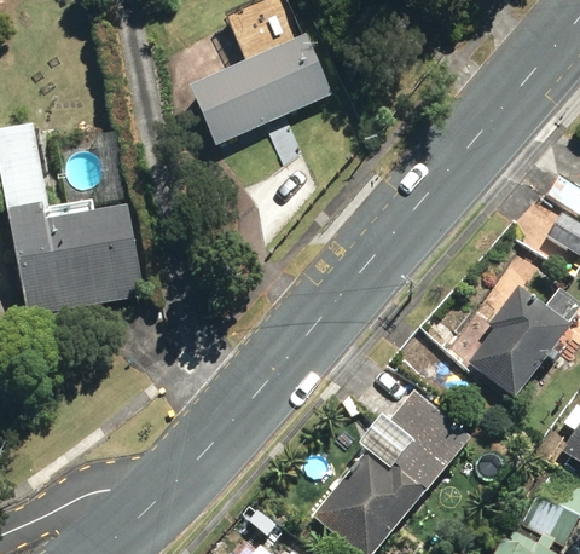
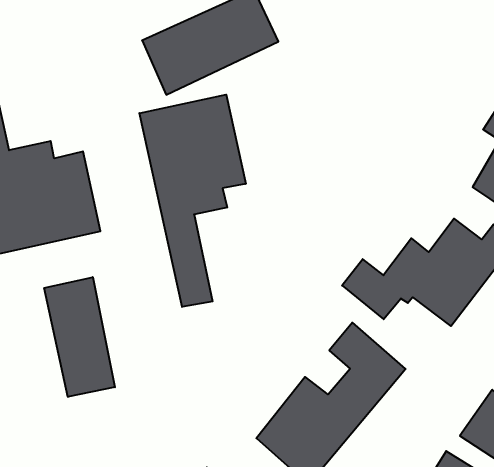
building: none -> [139,95,246,307]
building: none -> [44,277,115,397]

